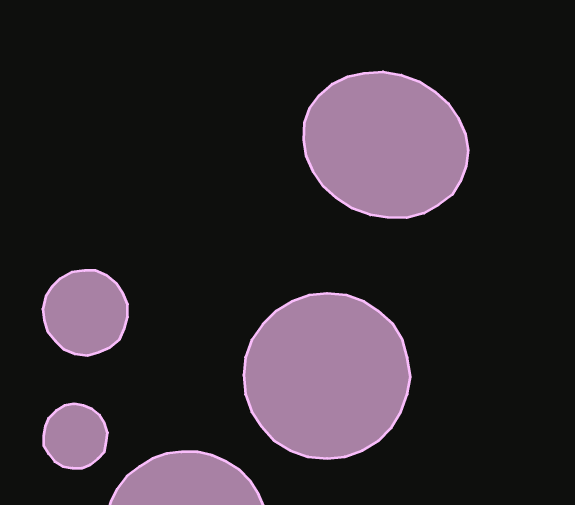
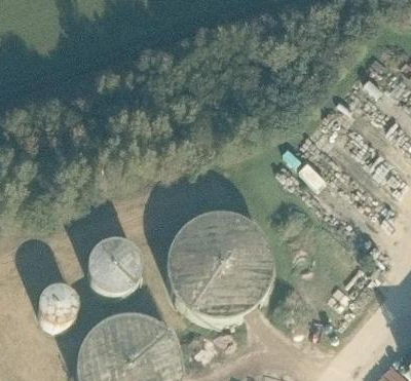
building: [304,72,468,218] -> none
building: [43,271,128,355] -> [85,239,140,294]

